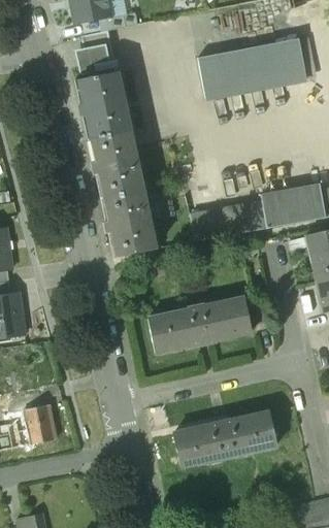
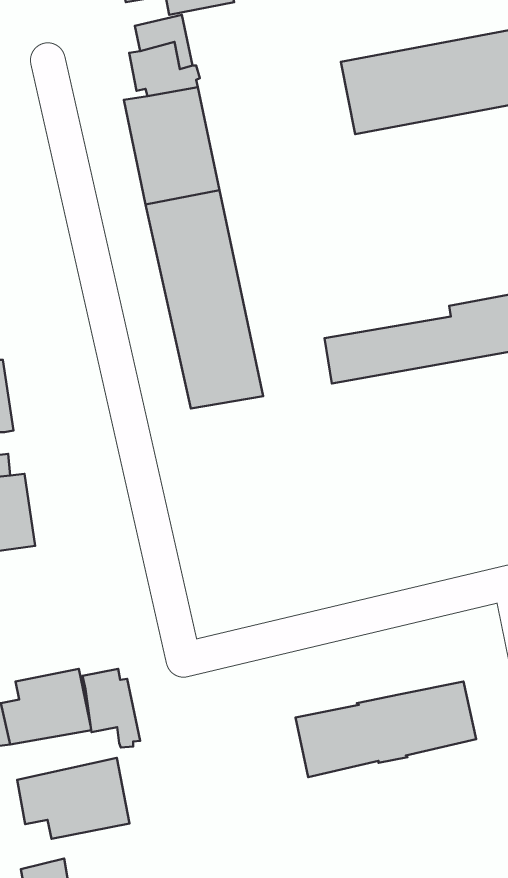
building: [147,296,252,351] -> none
building: none -> [82,669,140,747]
building: none -> [17,758,130,839]

